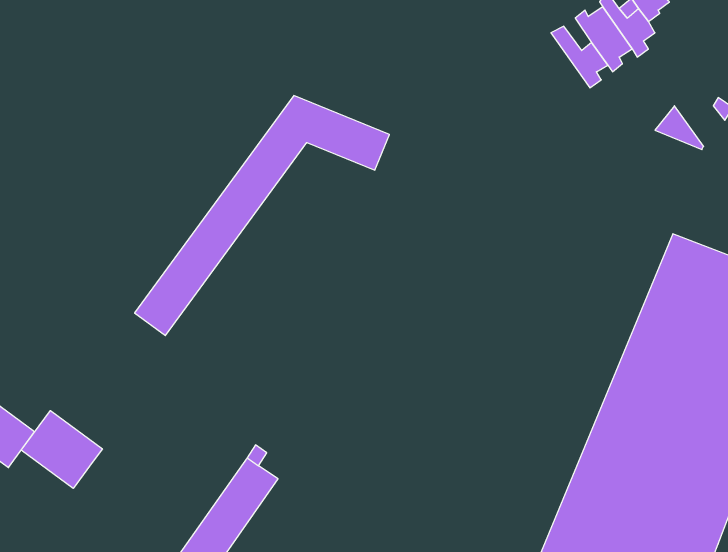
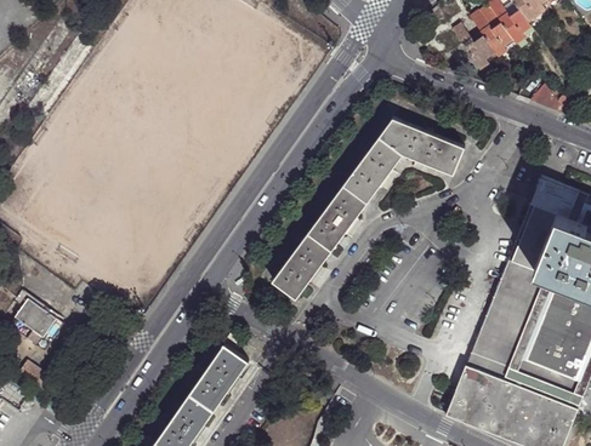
building: [135,96,389,336] -> [274,118,465,297]
building: [21,411,102,488] -> none

